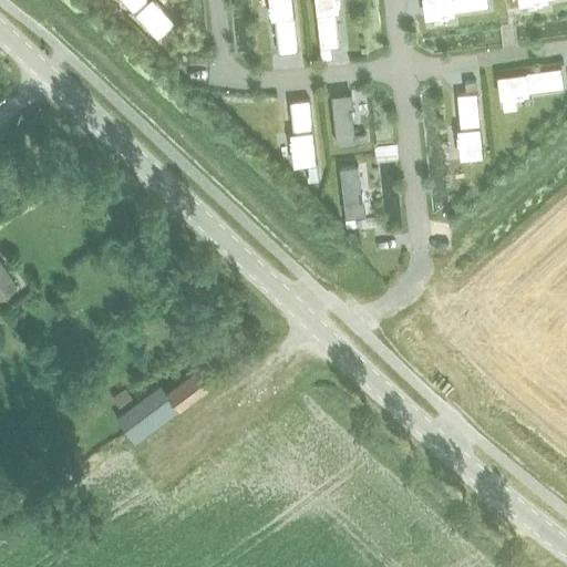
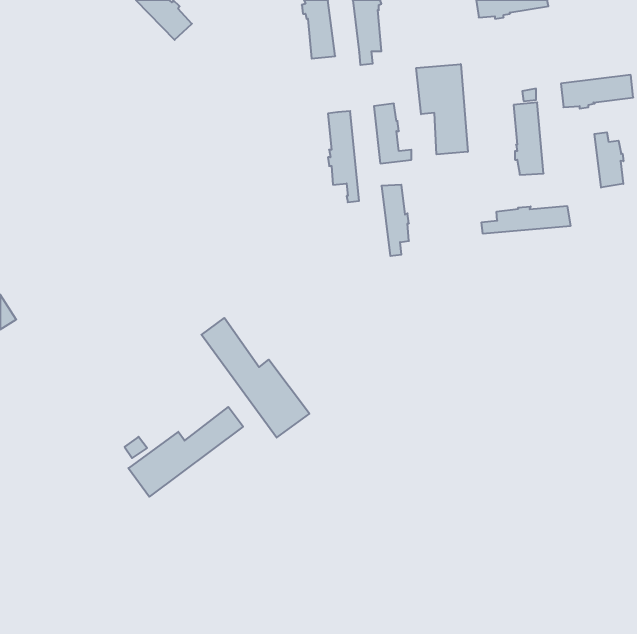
building: none -> [416,64,468,154]
building: none -> [594,132,623,188]
building: none -> [482,206,570,234]
building: none -> [201,318,309,438]

